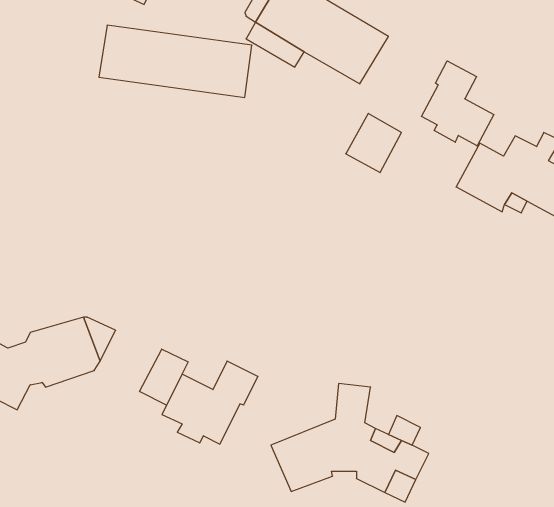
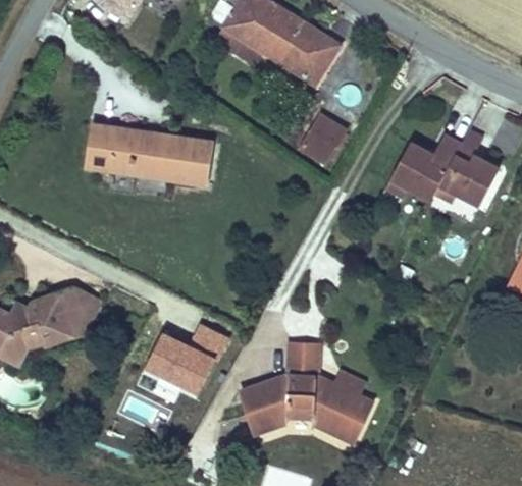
building: [99,25,252,97] -> [86,122,217,184]
building: [421,61,494,146] -> none
building: [140,349,188,405] -> none

